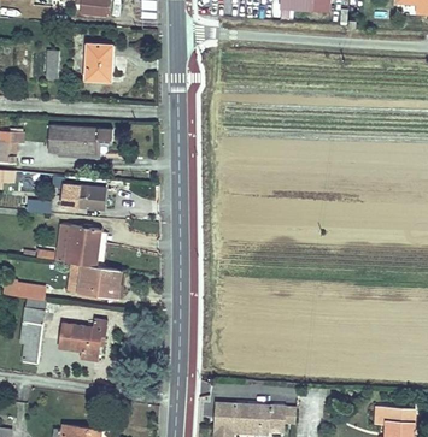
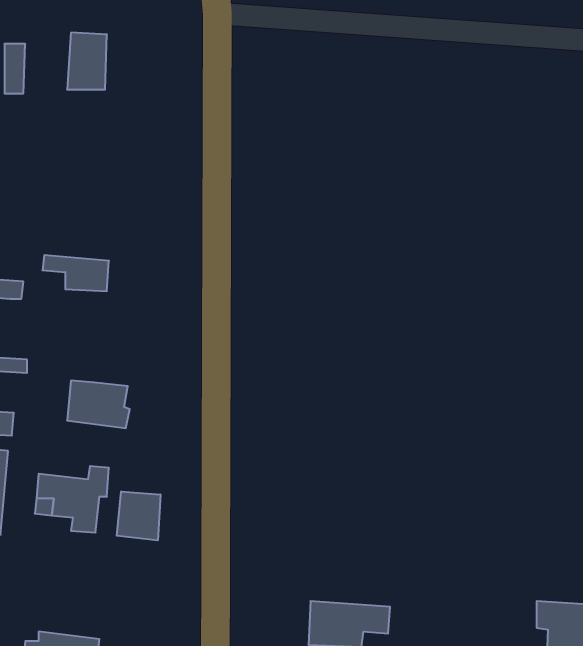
building: [48,128,112,152] -> none
building: [66,223,101,265] -> none
building: none -> [117,491,160,540]

